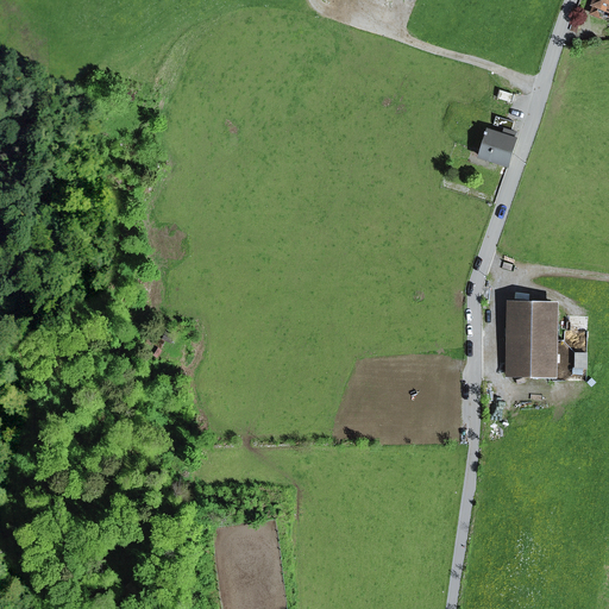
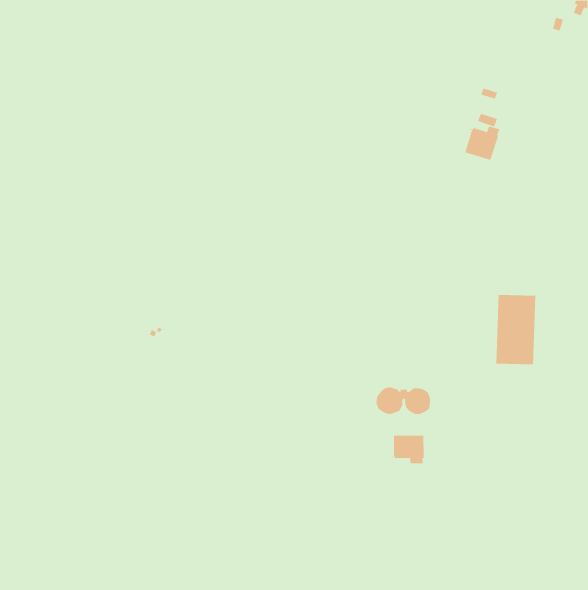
building: none -> [391,435,424,464]

